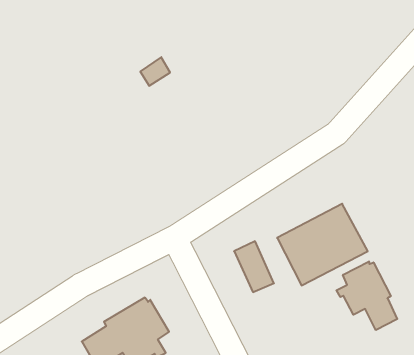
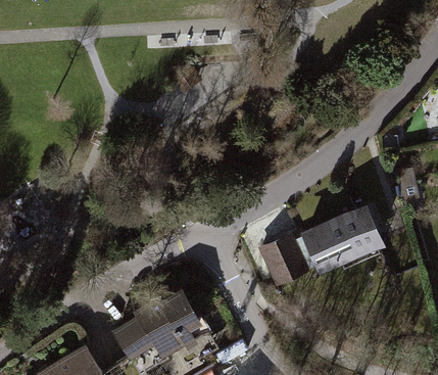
building: [336,261,397,330] -> none

